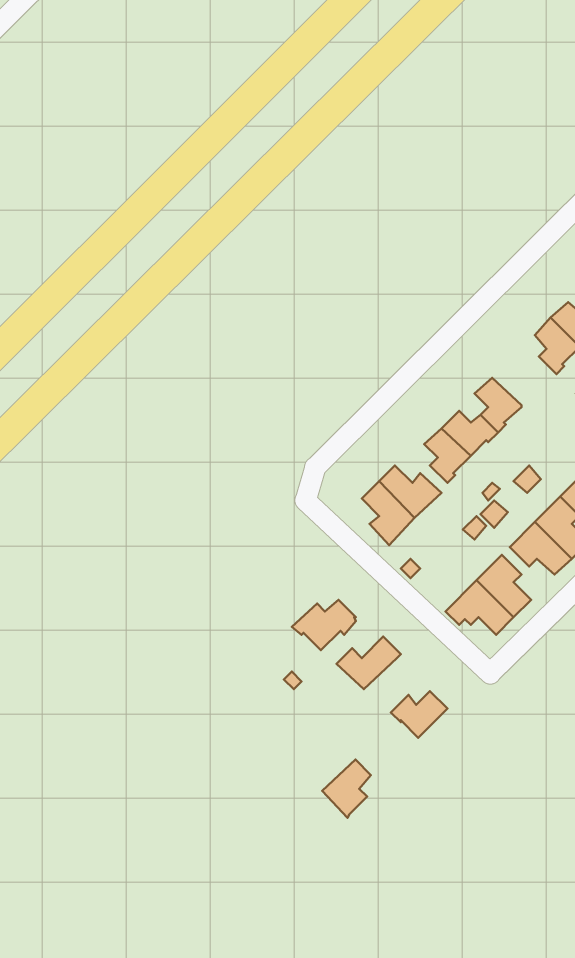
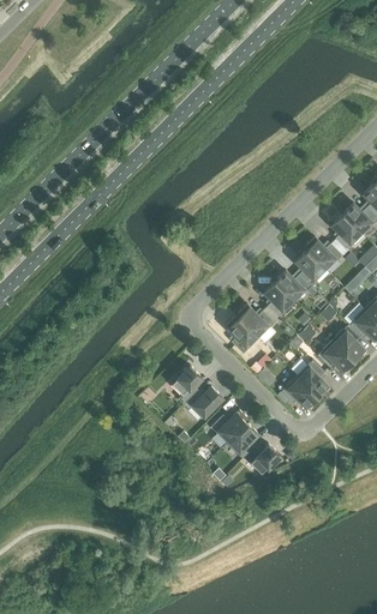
building: none -> [305,237,343,271]
building: none -> [173,366,202,404]
building: [322,760,371,818] -> [228,423,258,459]

